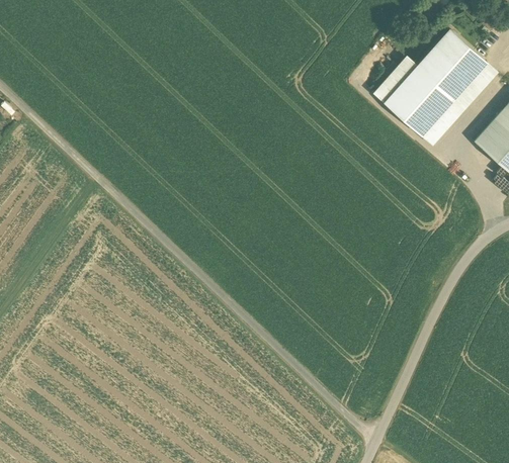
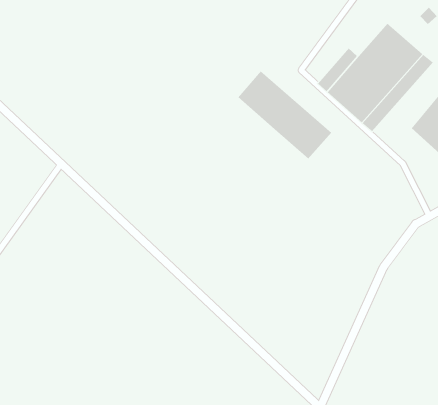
building: none -> [238,71,332,159]

